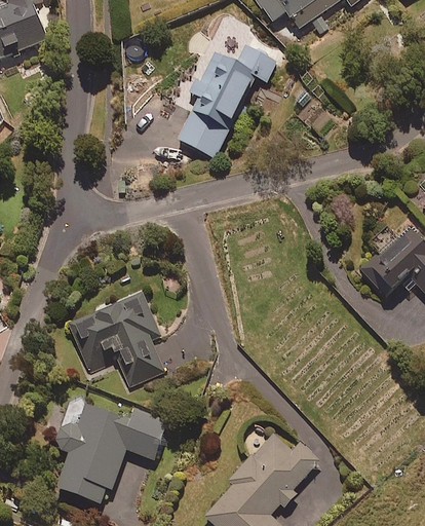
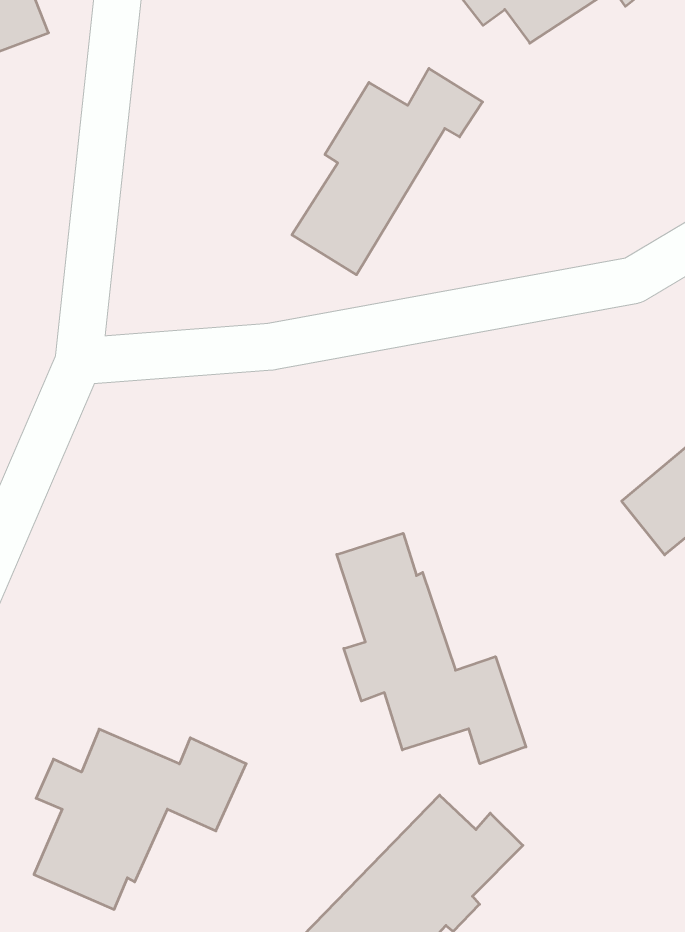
building: [70,294,162,383] -> none
building: none -> [337,533,526,764]

